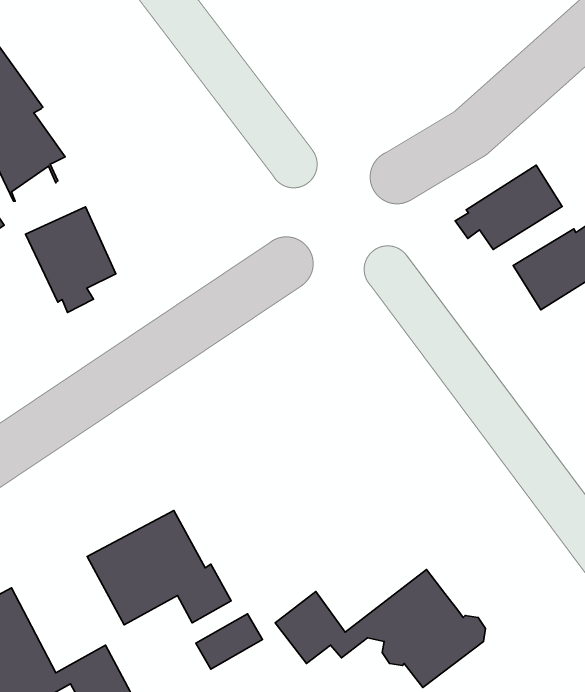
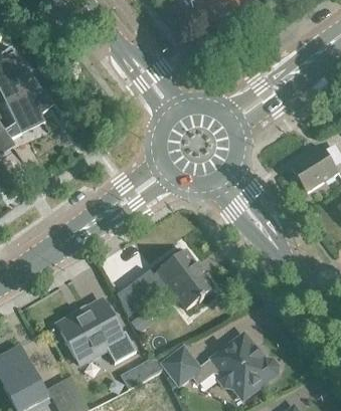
building: [455,165,562,250] -> none
building: [25,207,116,313] -> none
building: none -> [115,249,212,316]

